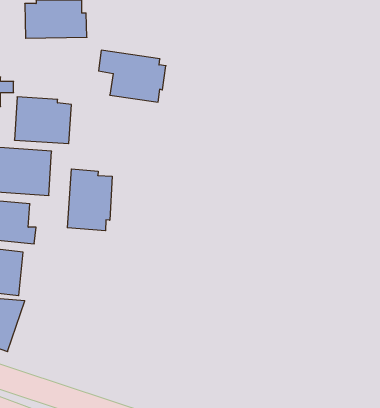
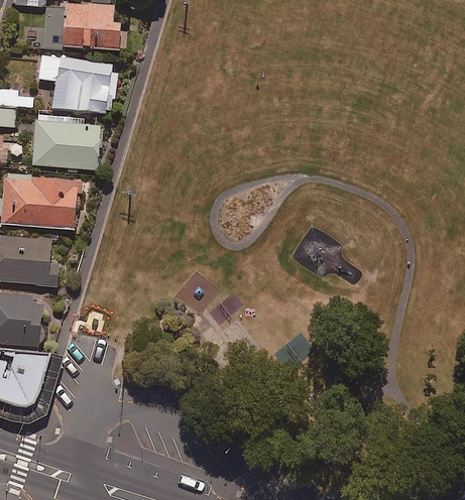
building: [99,50,166,102] -> [38,54,117,115]
building: [67,169,112,231] -> none

